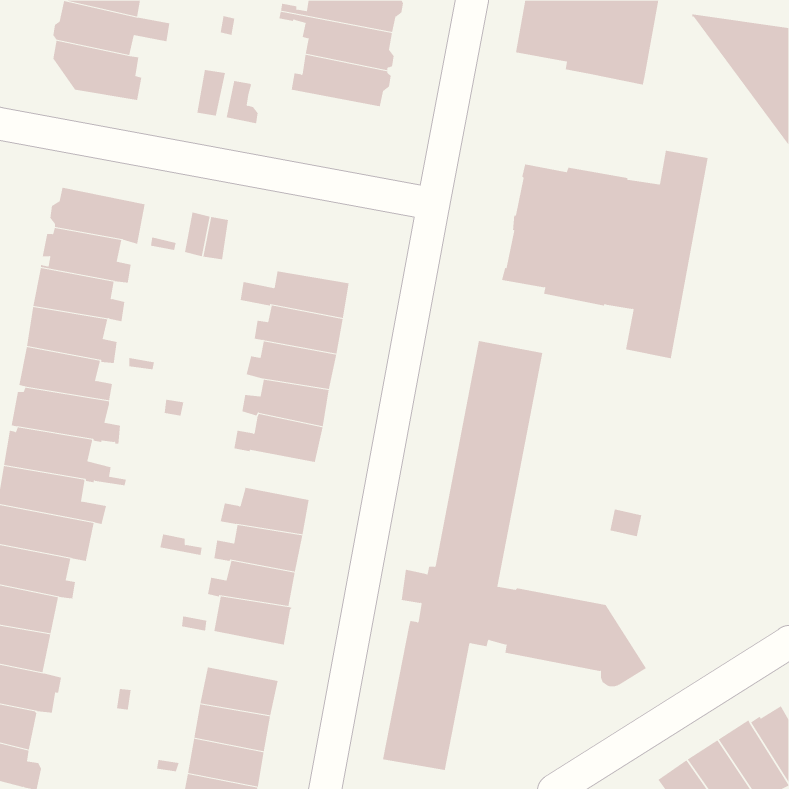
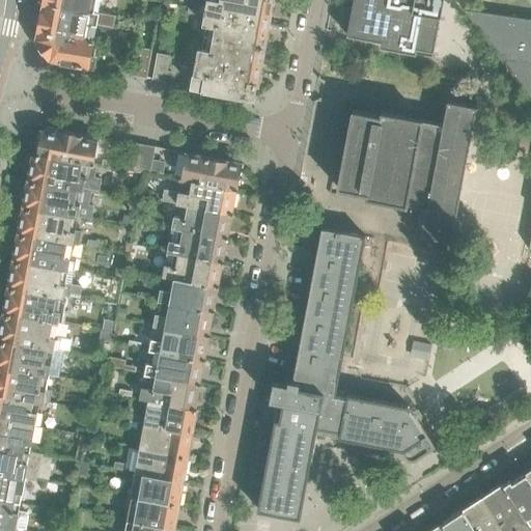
building: none -> [191,61,255,99]
building: none -> [180,153,242,192]
building: none -> [152,303,212,336]
building: none -> [139,424,191,457]

